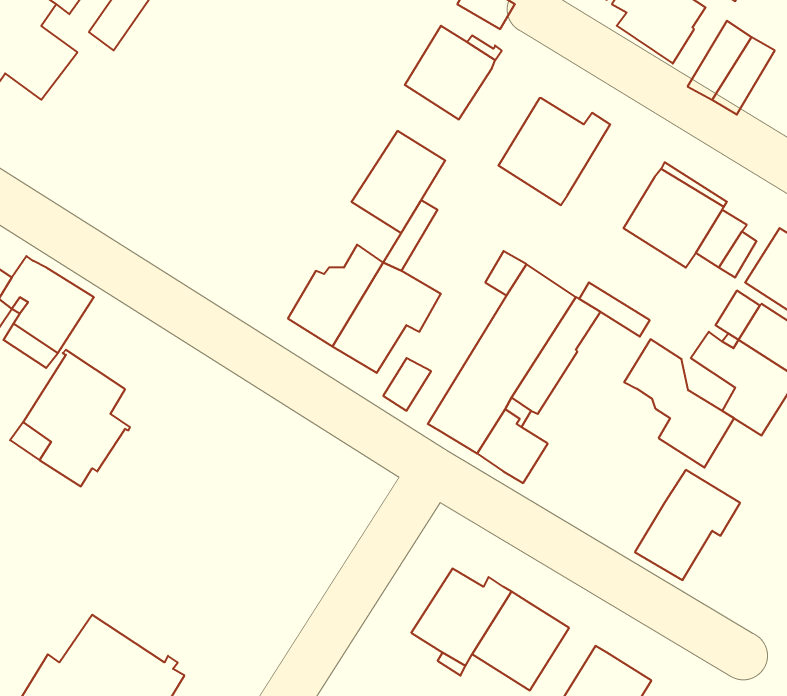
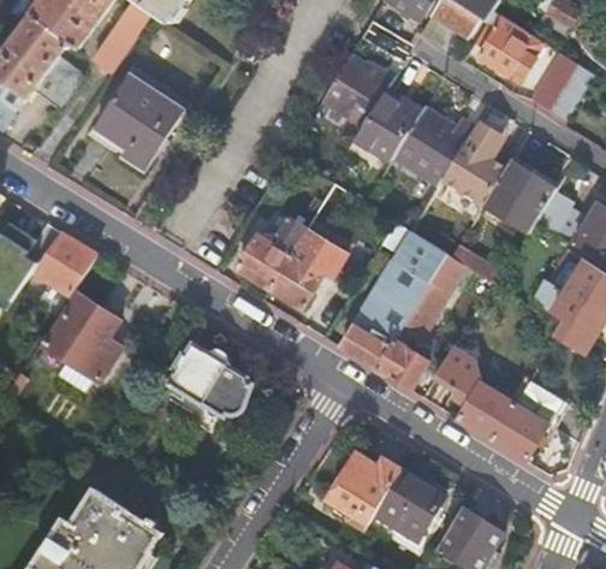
building: none -> [94,75,184,171]
building: none -> [441,120,505,203]
building: [351,131,445,233] -> [352,87,421,161]
building: [624,339,734,468] -> [432,346,512,440]
building: none -> [165,343,251,415]

